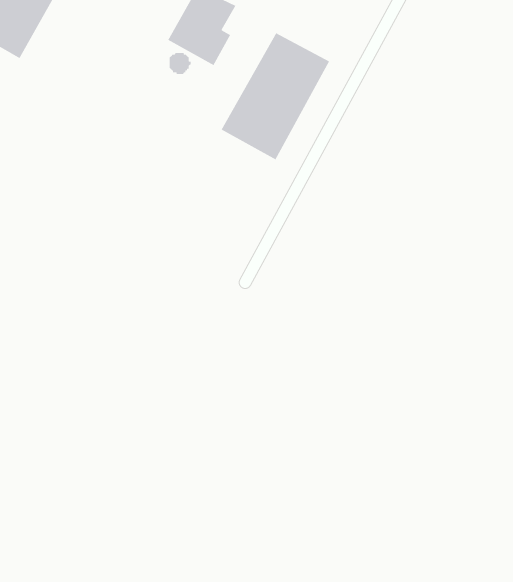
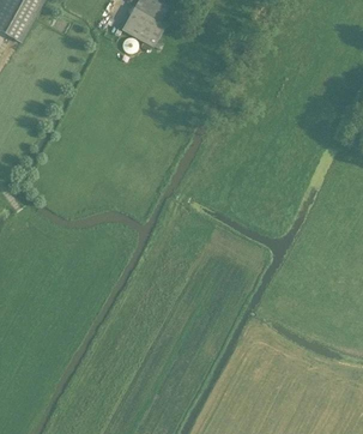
building: [220,32,330,161] -> none

